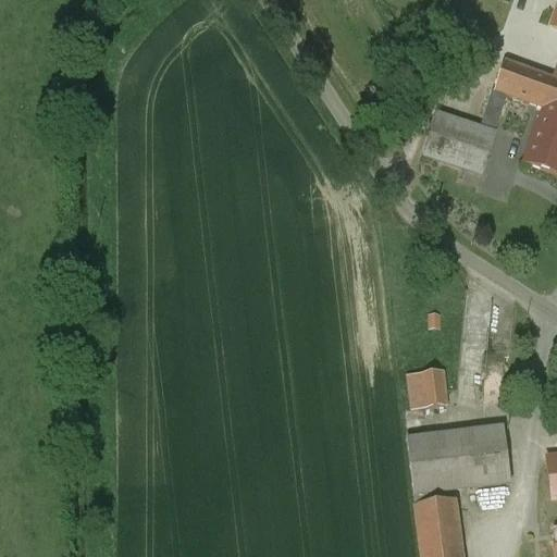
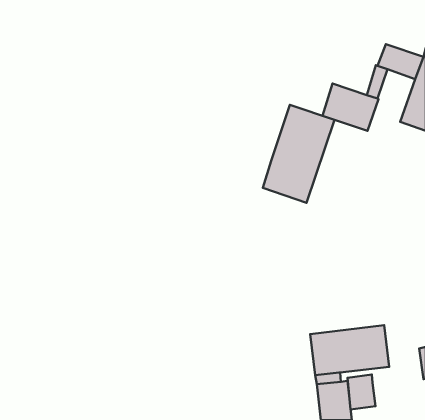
building: none -> [263,105,335,203]
building: [420,368,446,405] -> none
building: none -> [348,375,376,409]

